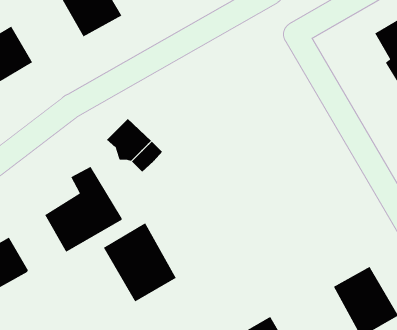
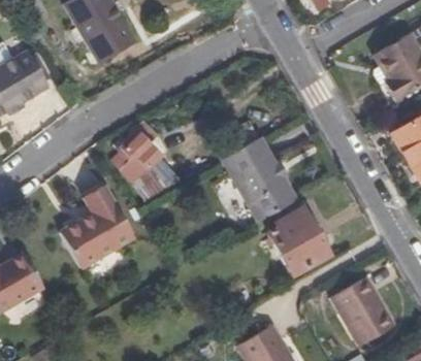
building: none -> [222,137,298,223]
building: none -> [269,207,330,275]
building: [103,222,177,302] -> none

